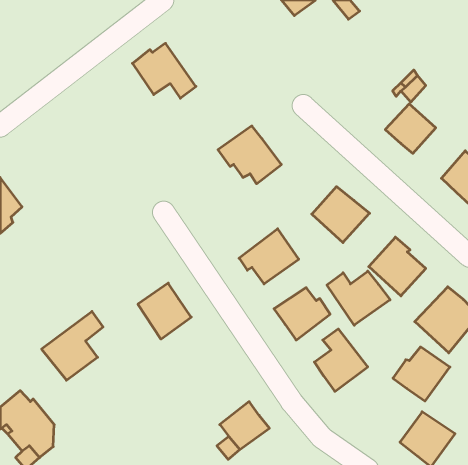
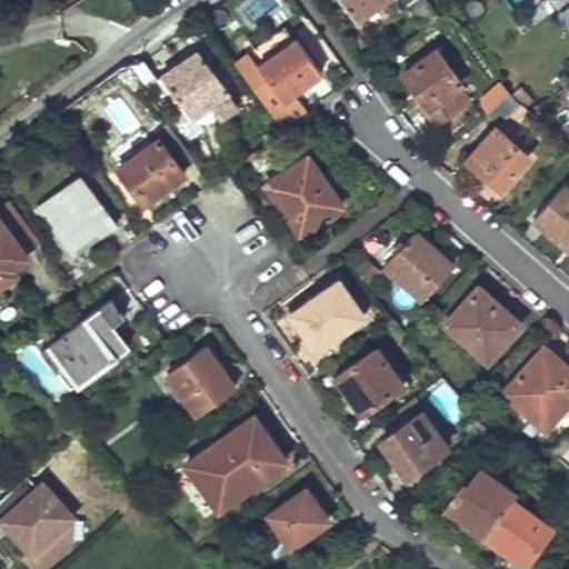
building: none -> [259,41,321,102]
building: none -> [406,52,461,129]
building: none -> [119,124,194,203]
building: none -> [36,176,108,257]
building: [327,271,390,325] -> none
building: [42,311,103,380] -> [50,302,124,386]
building: none -> [187,420,286,512]
building: [393,347,450,401] -> [447,475,516,540]

